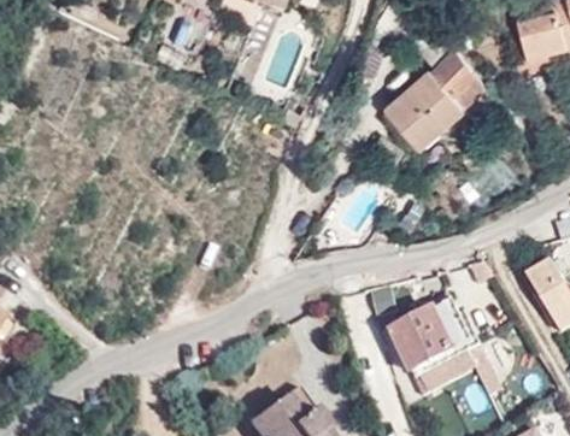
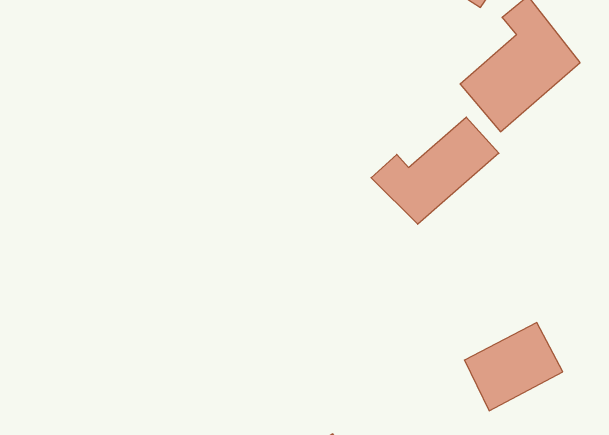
building: none -> [371,117,499,224]

